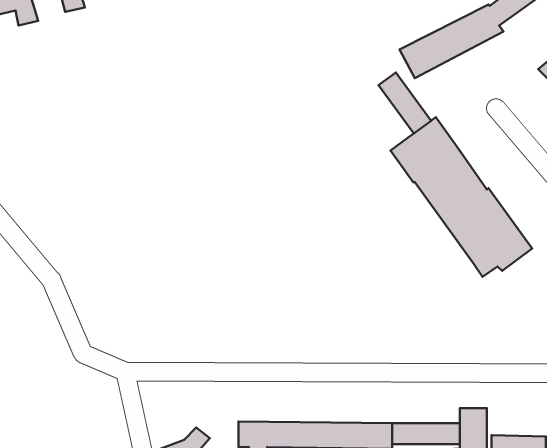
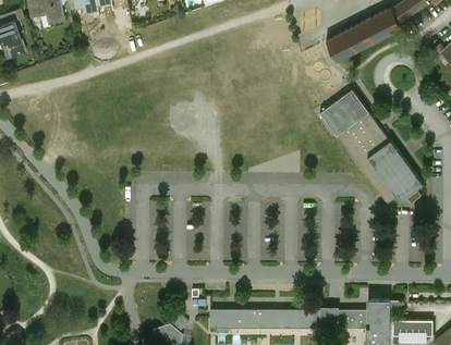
building: [379,73,431,133] -> none

